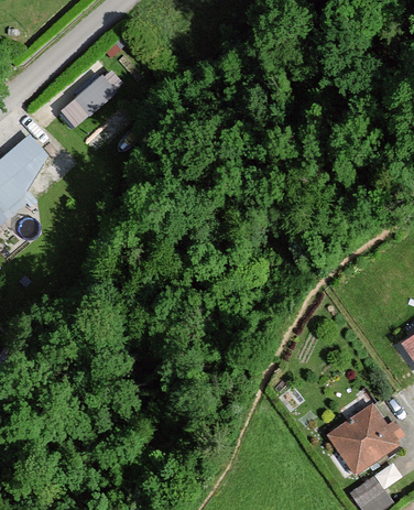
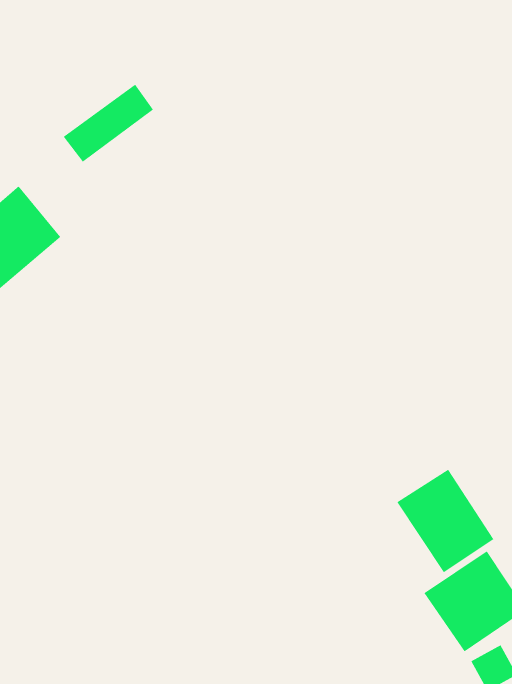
building: none -> [396,469,494,573]

